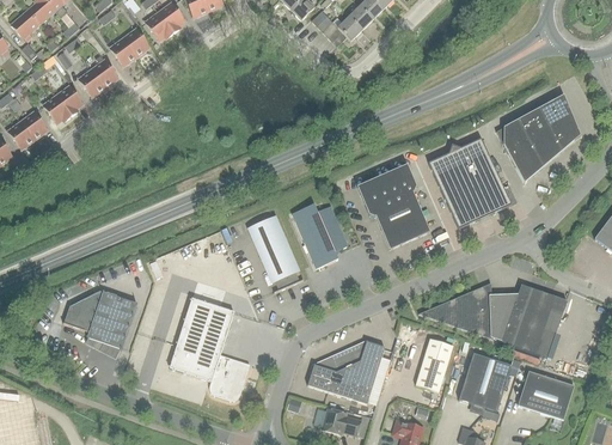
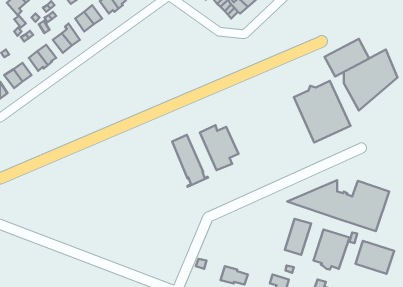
building: none -> [325,39,369,76]
building: [357,164,430,248] -> none
building: [62,289,136,355] -> none
building: [169,298,250,400] -> none
building: [307,341,384,403] -> none

